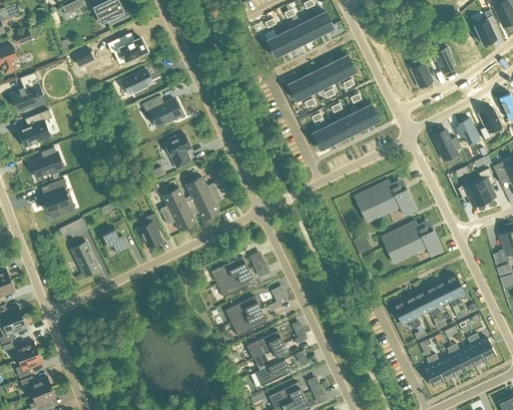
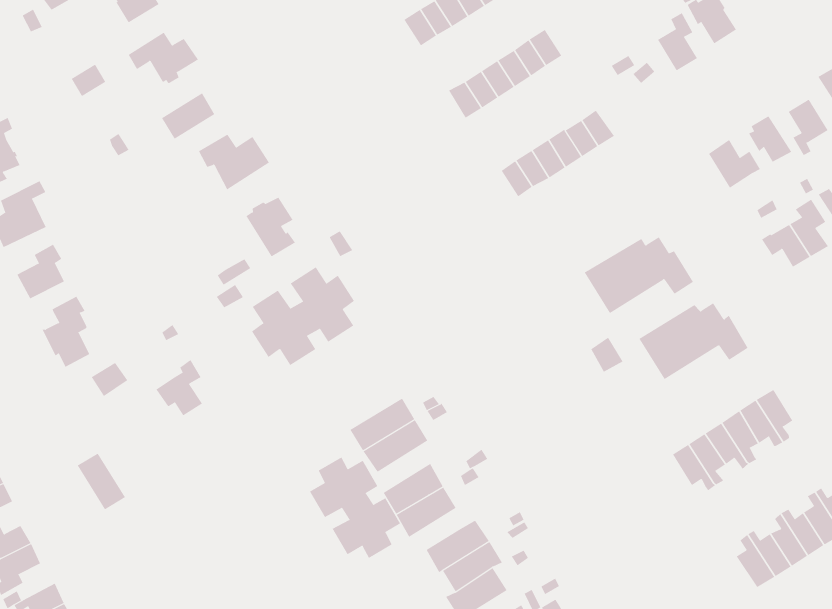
building: [137,213,161,248] -> none
building: [72,243,98,276] -> [77,453,126,510]
building: none -> [309,456,401,559]

